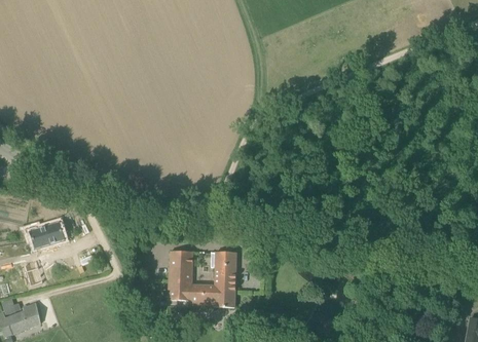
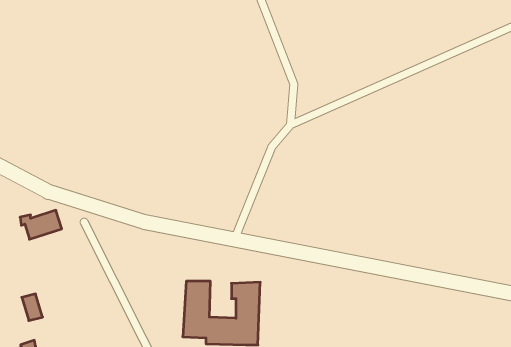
building: [27,222,64,248] -> [20,210,62,239]

